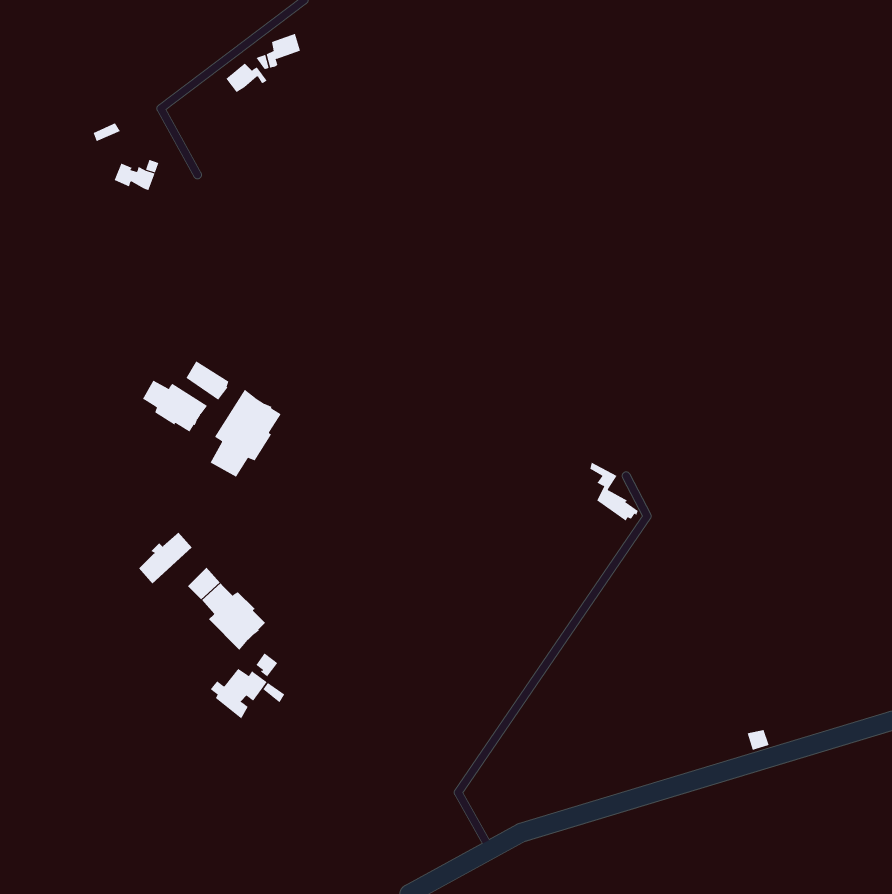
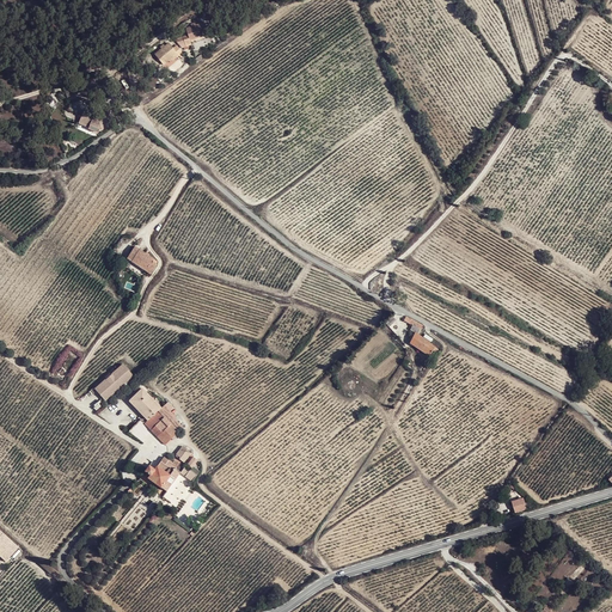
building: [142,380,208,433] -> none
building: [210,389,281,477] -> none

